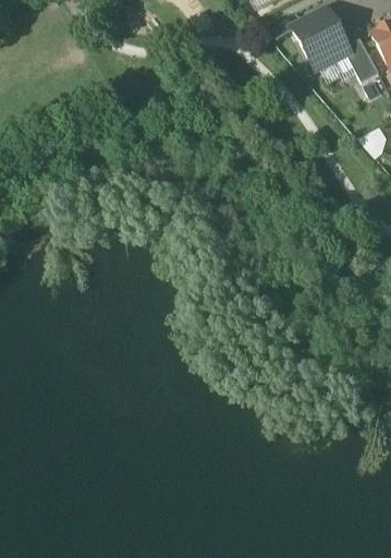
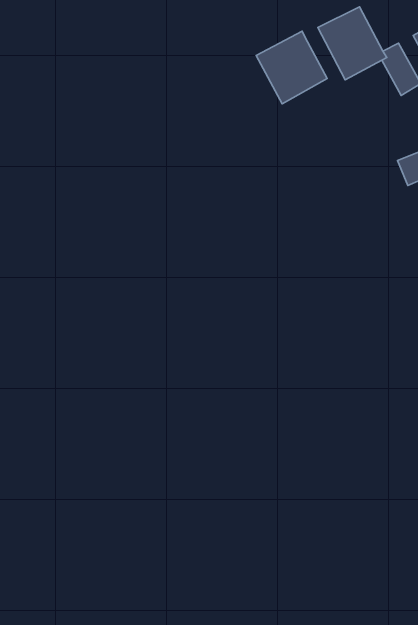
building: none -> [256,31,327,104]

